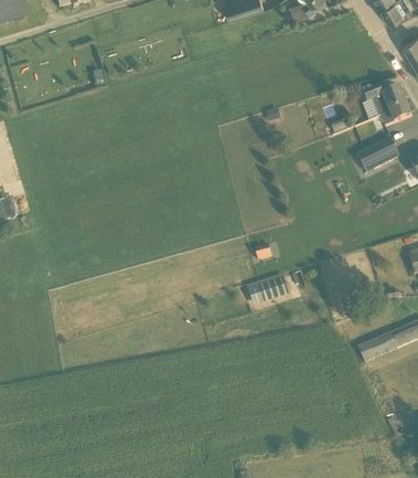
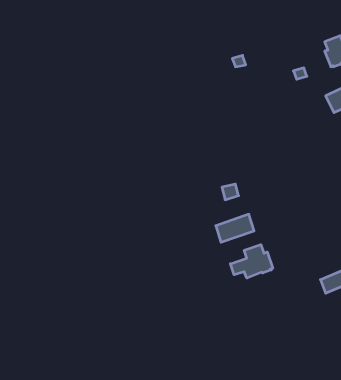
building: none -> [230,245,273,278]

